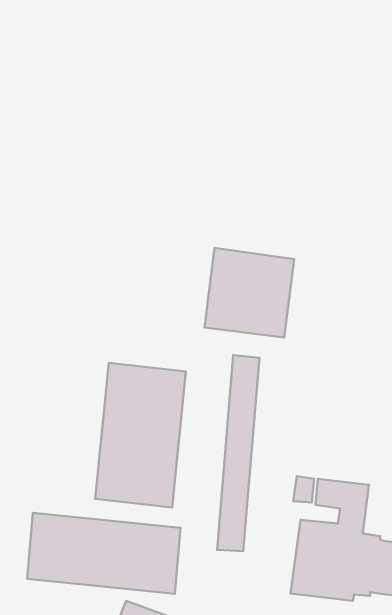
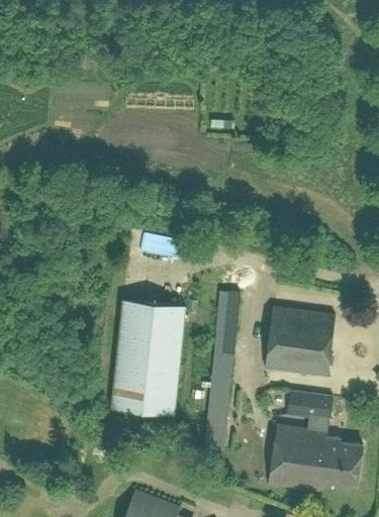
building: [205,248,294,338] -> [264,306,337,379]
building: [27,513,181,594] -> none

